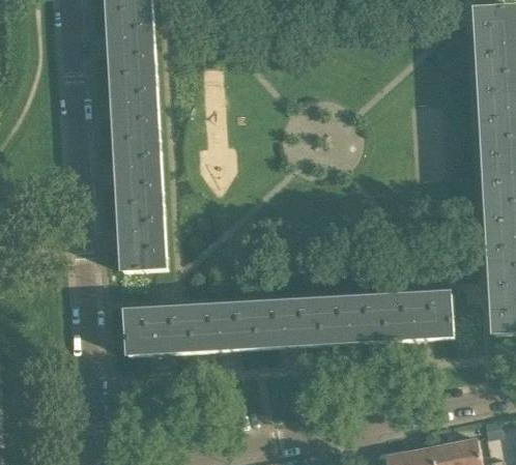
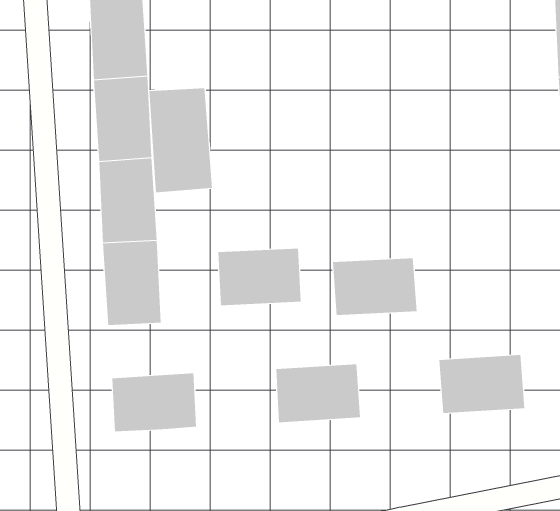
building: none -> [149,88,212,193]
building: [319,297,386,343] -> [332,258,417,316]
building: [191,304,257,350] -> [217,248,302,306]

